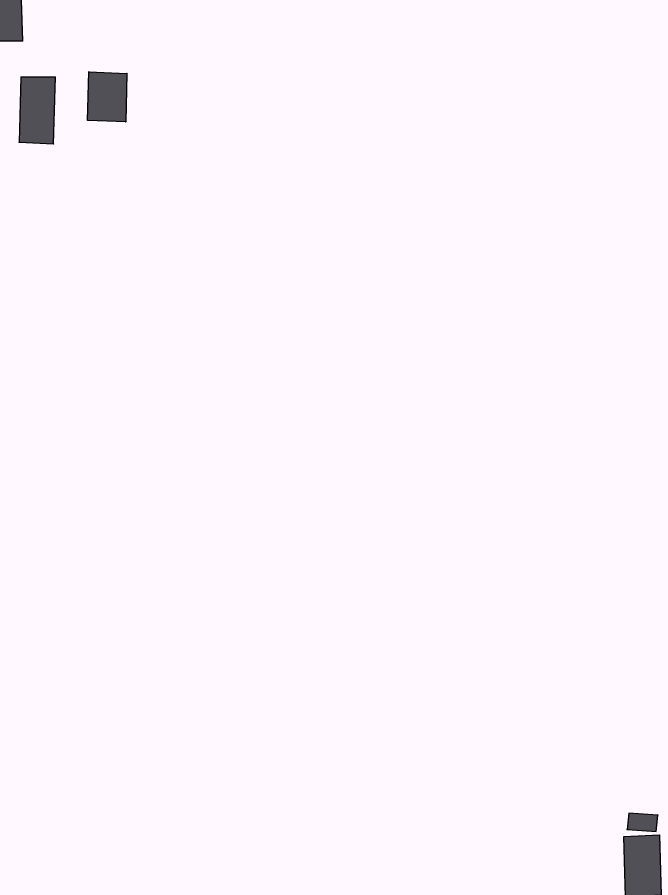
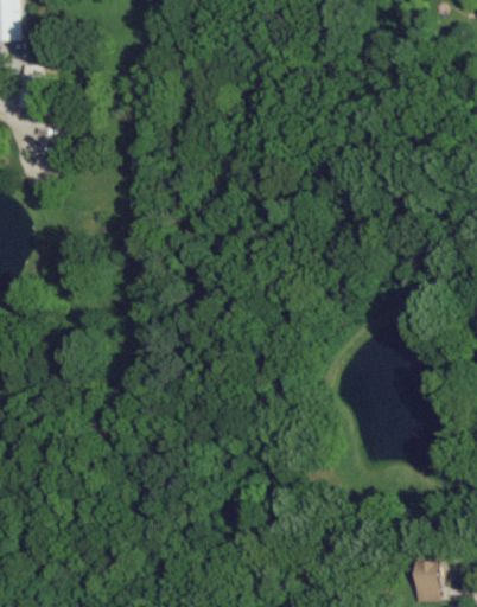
building: [88,72,127,122] -> none

